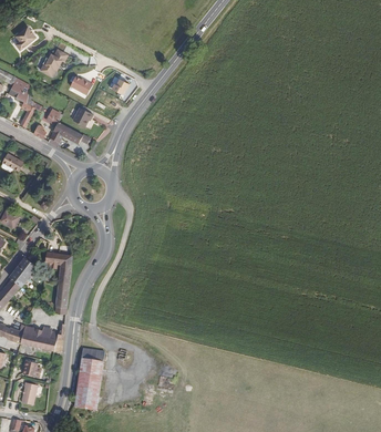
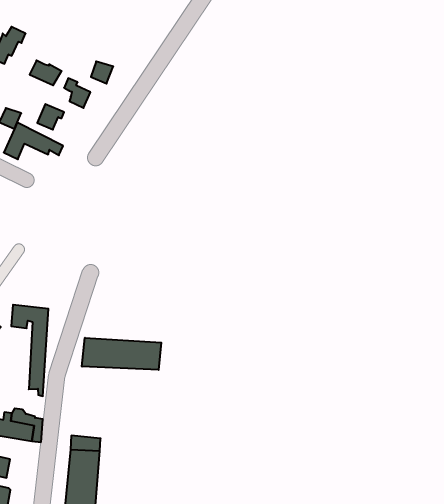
building: none -> [82,338,161,370]

